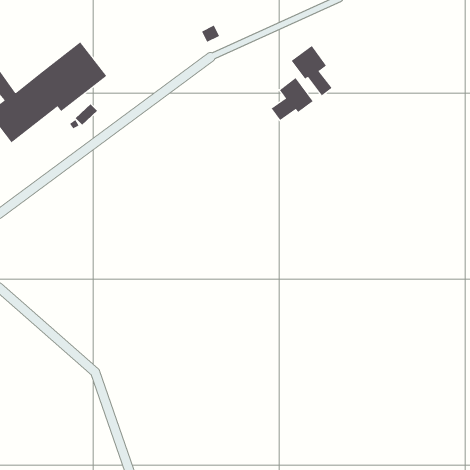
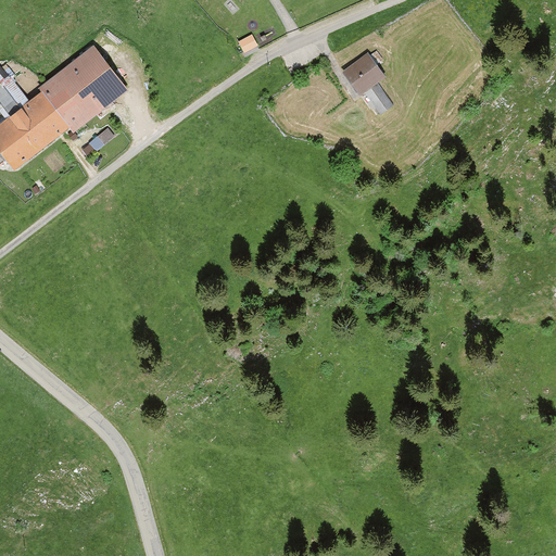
building: [271,77,313,121] -> none

